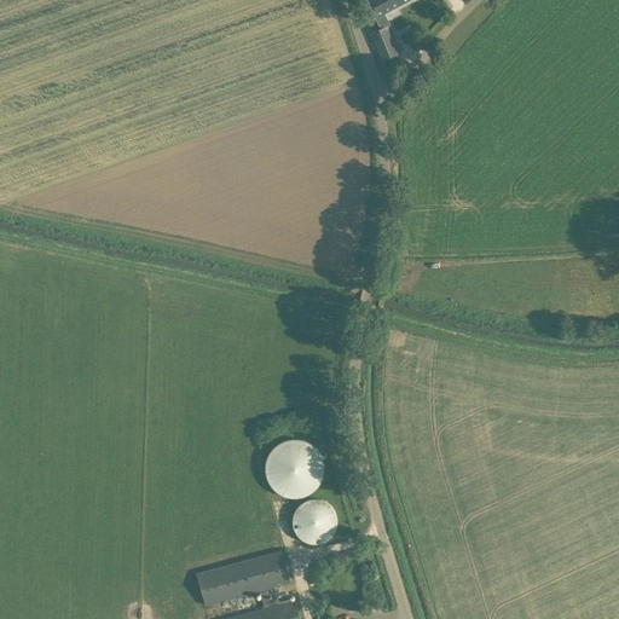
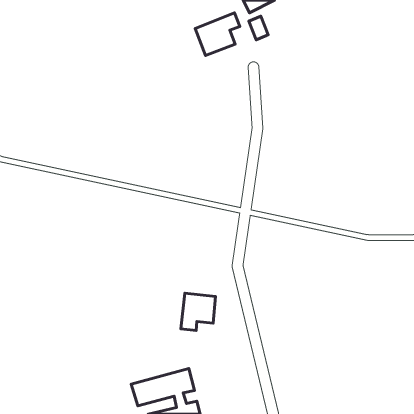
building: none -> [195,13,240,56]
building: [296,509,337,544] -> none

